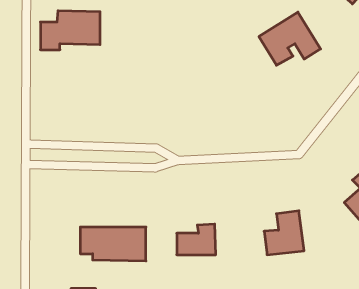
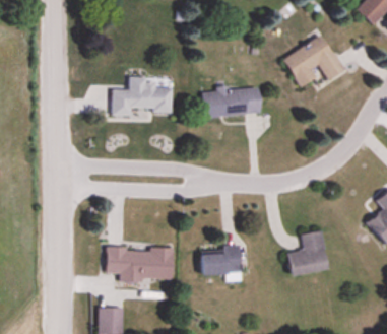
building: [40,11,100,50] -> [112,77,171,116]
building: none -> [203,88,260,117]

